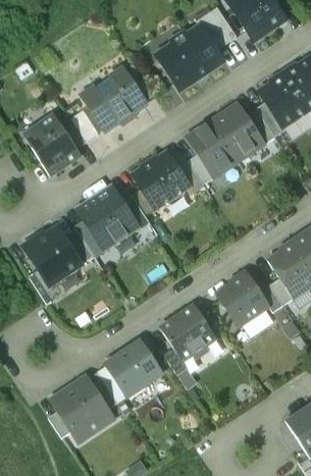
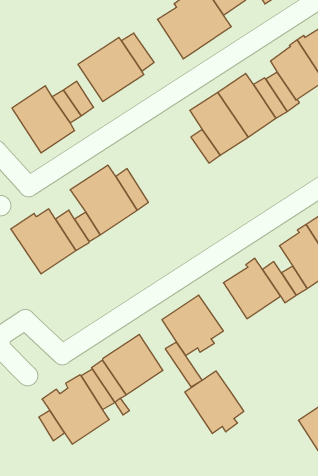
building: [133,153,189,209] -> none
building: none -> [185,371,244,434]

